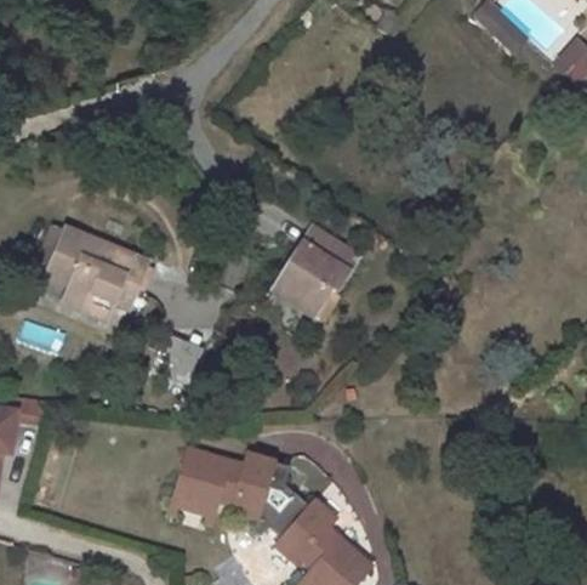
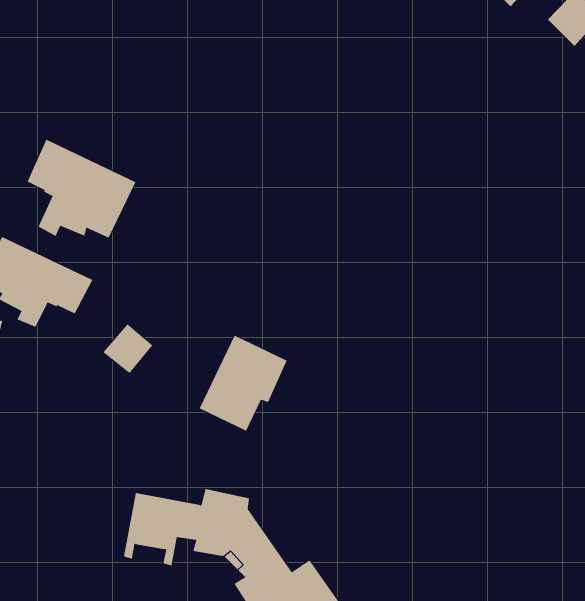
building: none -> [27,139,136,238]
building: [275,237,354,323] -> [199,335,287,432]

